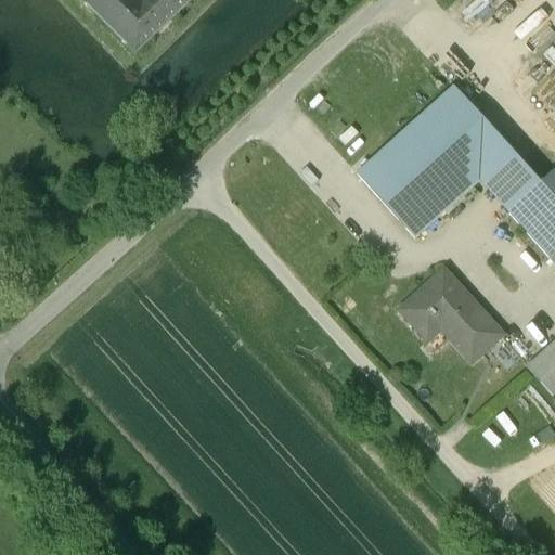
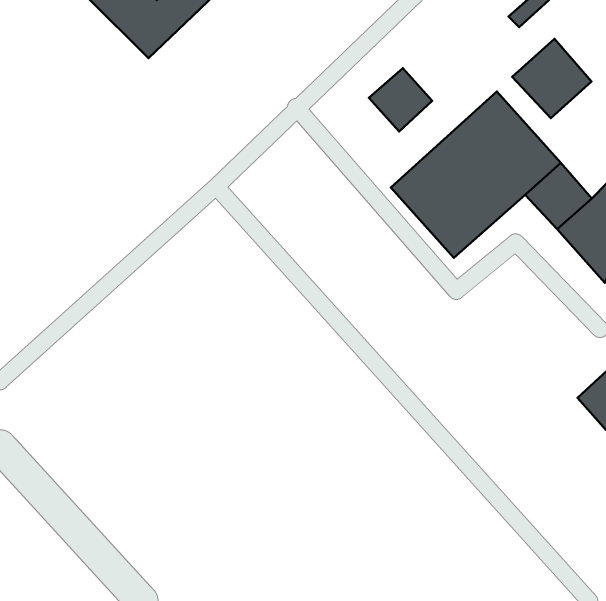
building: none -> [512,39,592,118]
building: none -> [369,68,432,132]
building: [400,267,503,360] -> none

